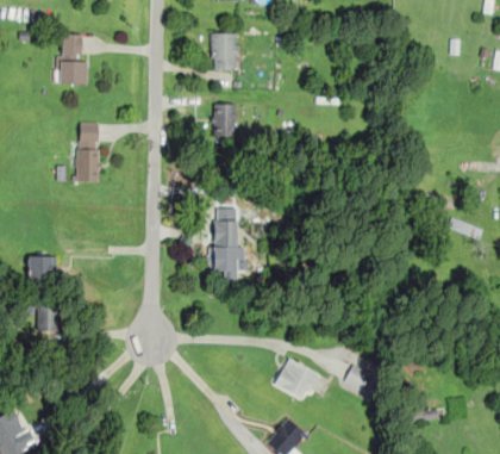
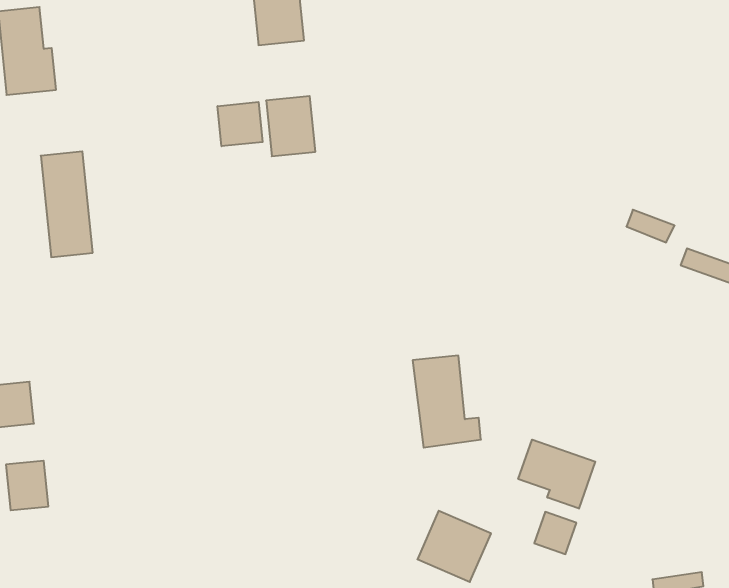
building: none -> [218,102,263,146]
building: [211,222,246,274] -> [413,356,481,448]
building: none -> [518,440,595,509]

